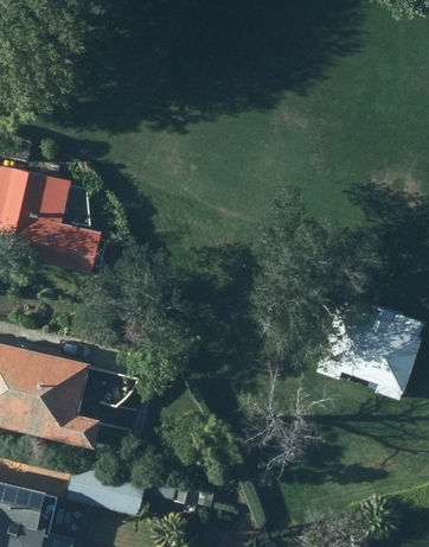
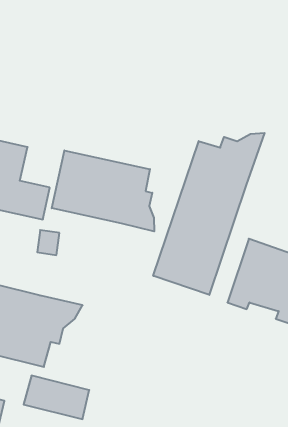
building: none -> [153,133,265,295]
building: none -> [52,150,154,231]

